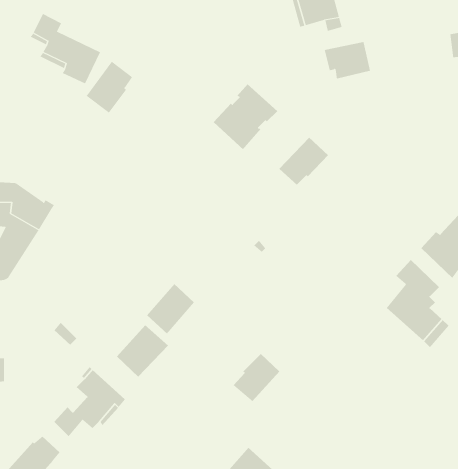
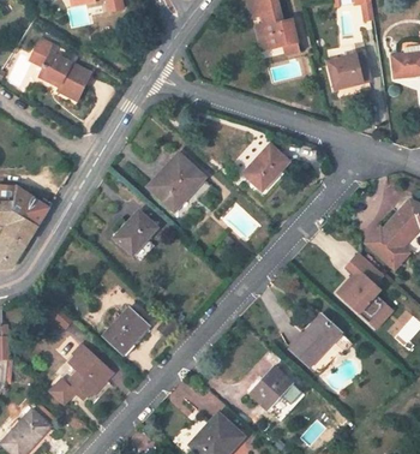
building: [324,42,371,79] -> [328,54,368,86]
building: [86,61,133,113] -> none
building: [213,83,278,150] -> [148,153,204,210]
building: [146,283,195,335] -> [114,210,156,255]
building: none -> [289,315,352,365]
building: [233,353,280,402] -> [250,366,290,408]

